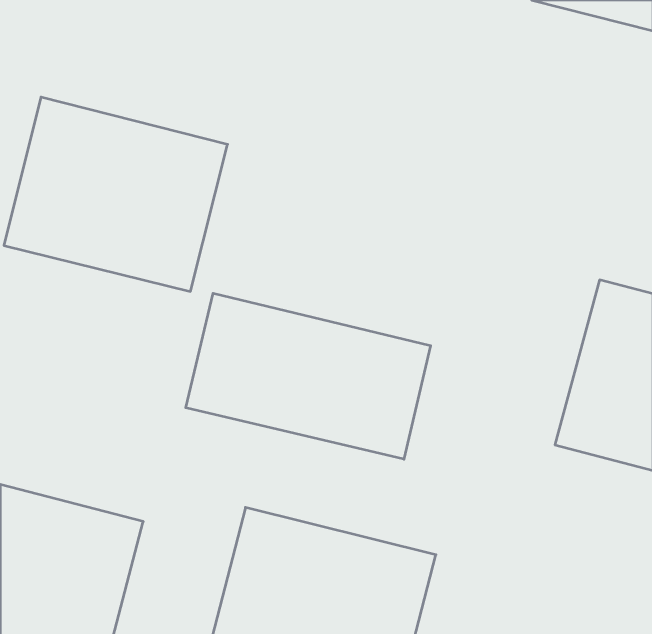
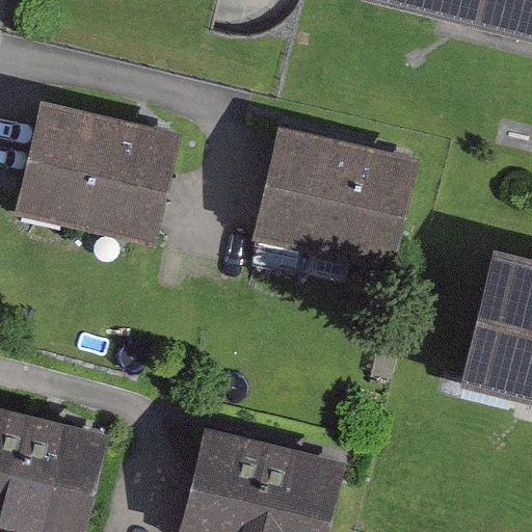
building: none -> [251,129,414,273]
building: [186,293,431,459] -> none

